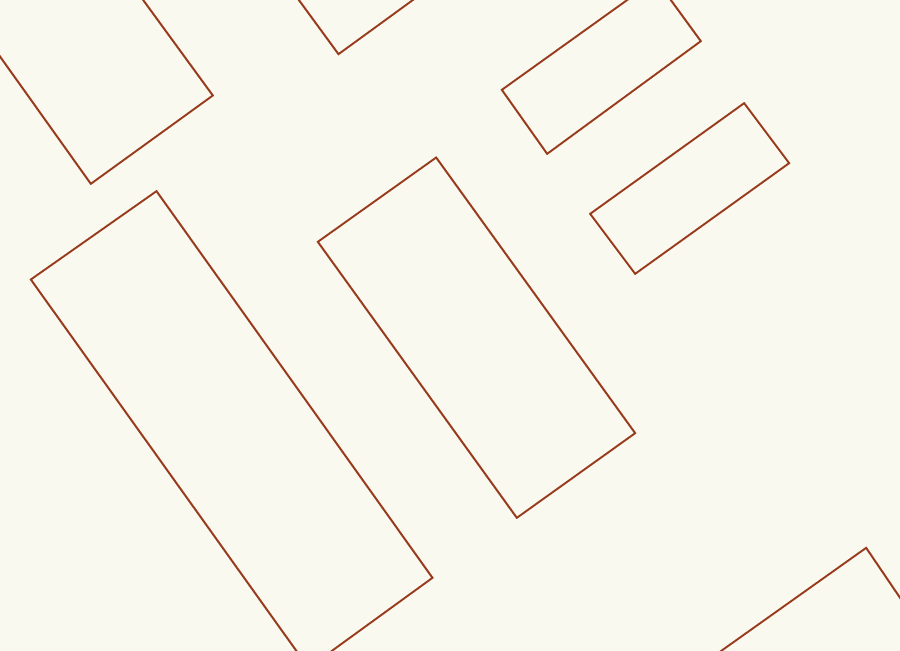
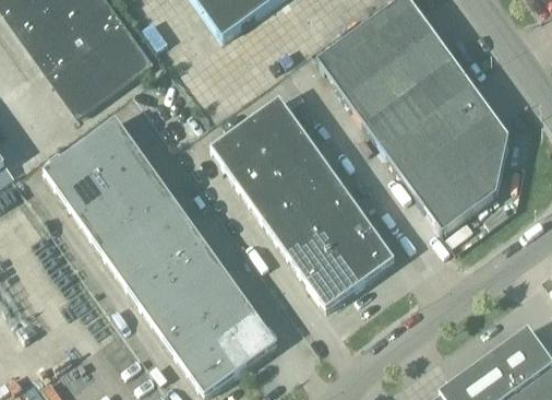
building: none -> [343,30,457,130]
building: none -> [394,101,507,232]

